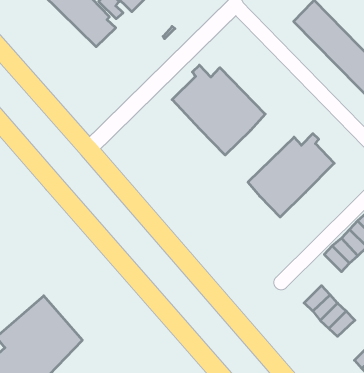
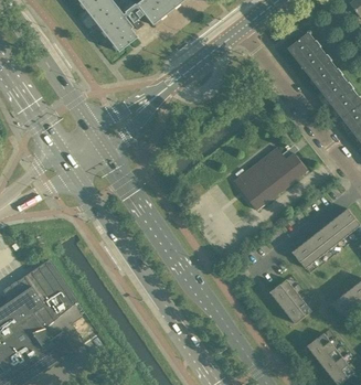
building: [172,65,265,155] -> none

